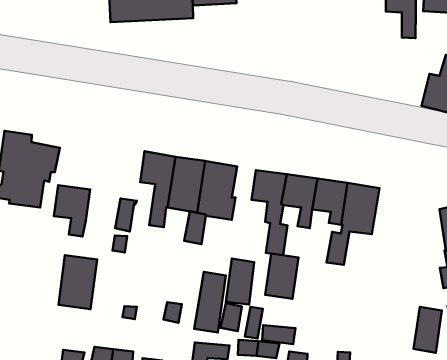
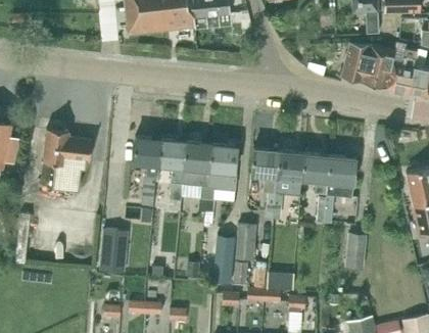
building: none -> [342,43,395,89]
building: [54,185,90,236] -> [134,137,162,178]
building: [265,254,299,299] -> none
building: [414,307,442,353] -> [345,233,367,270]

